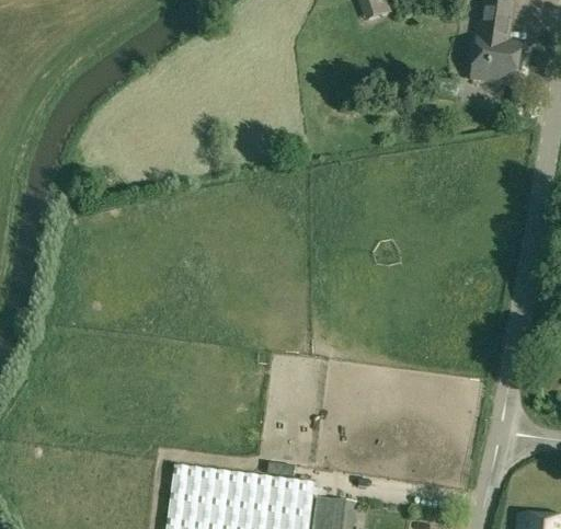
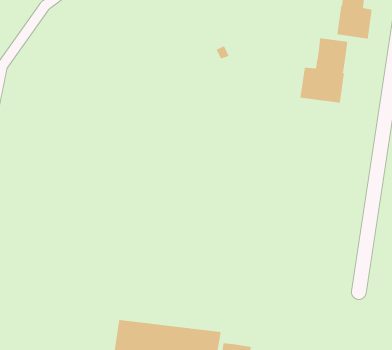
building: none -> [300,37,348,103]

